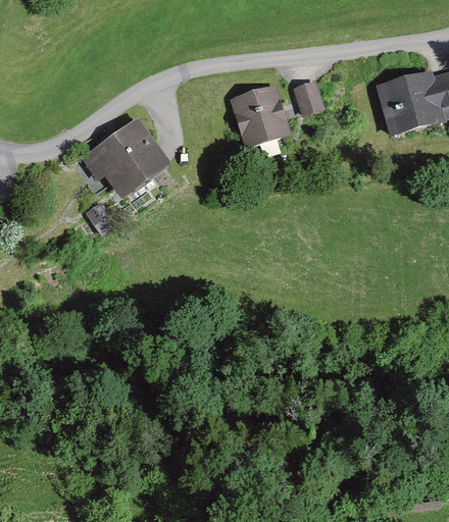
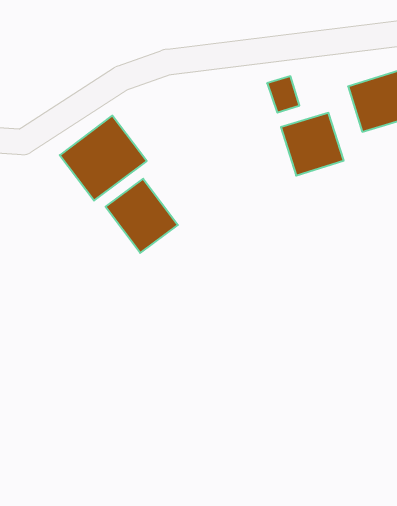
building: [229,84,292,147] -> [281,113,344,176]
building: none -> [106,179,178,253]

